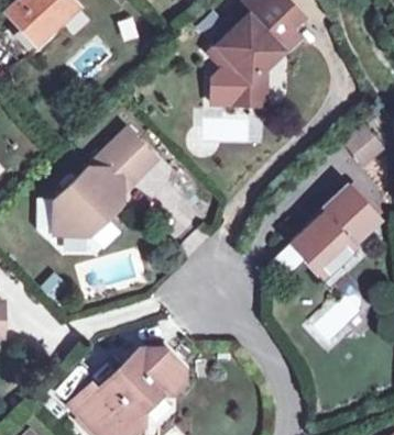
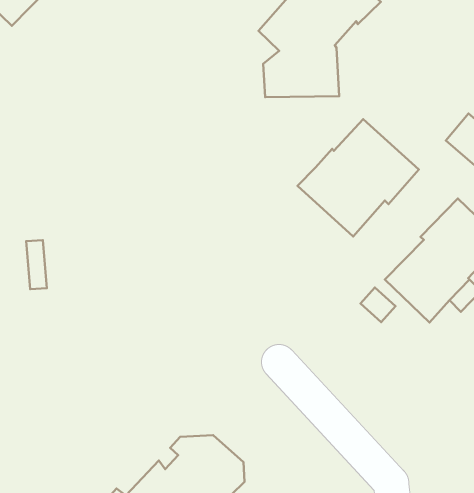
building: none -> [298,119,419,237]
building: [56,132,157,236] -> none

